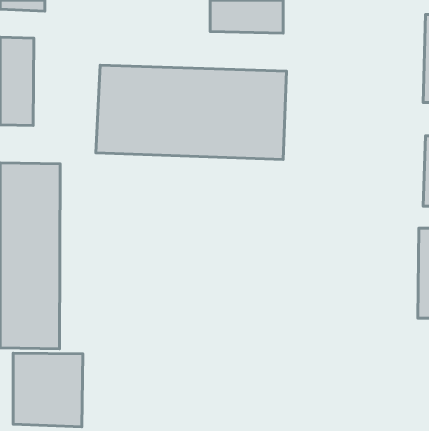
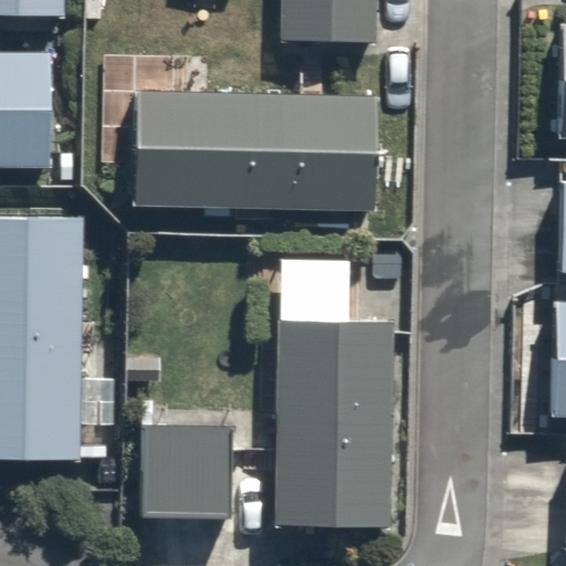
building: none -> [272,319,391,527]
building: [13,353,83,427] -> [140,424,231,521]

